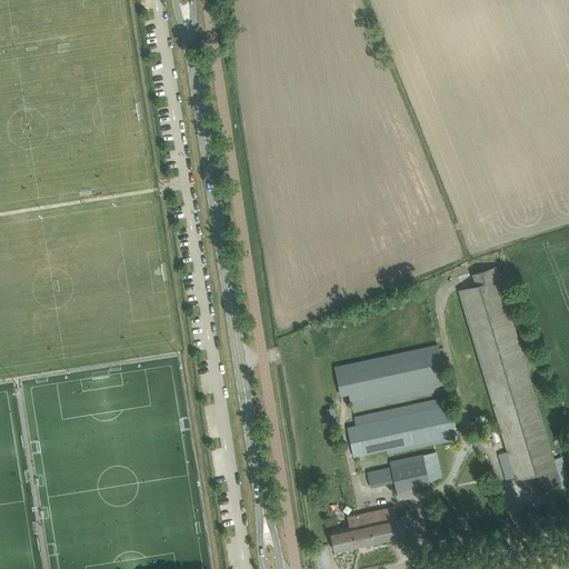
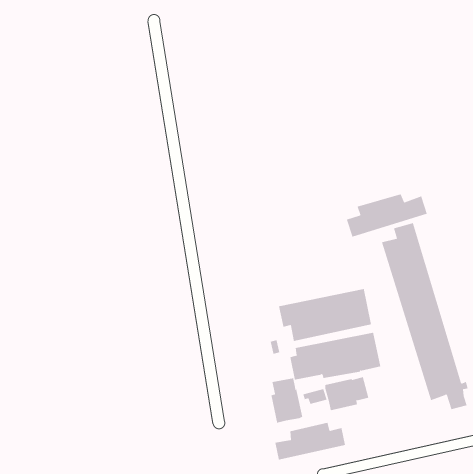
building: none -> [346,193,427,238]
building: none -> [271,377,303,423]

